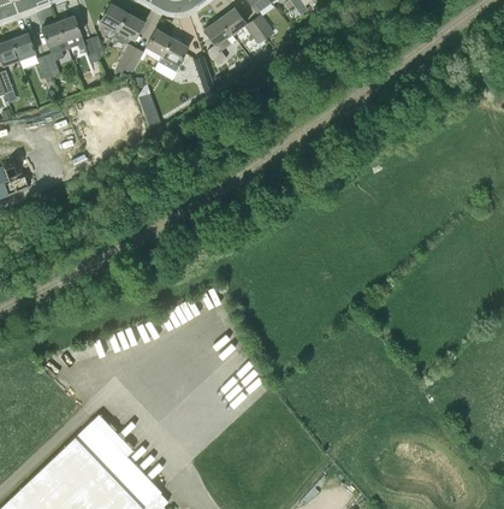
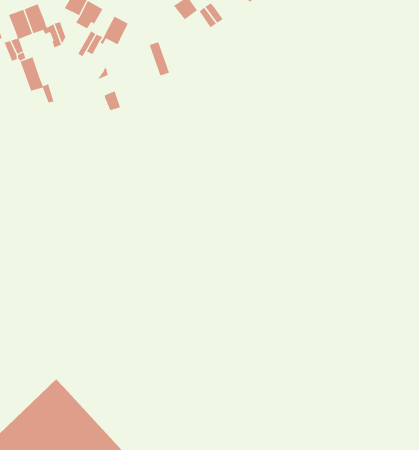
building: [204,18,231,64] -> none
building: [158,37,188,72] -> none
building: none -> [20,56,54,103]

